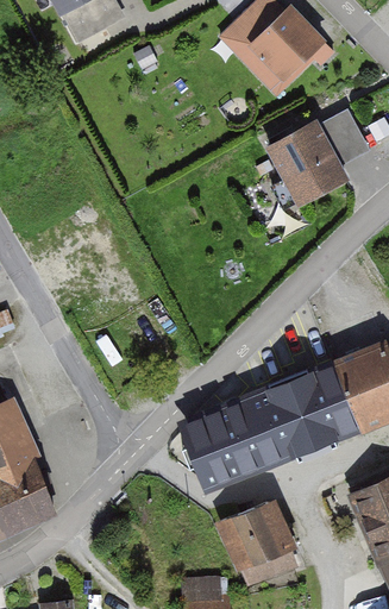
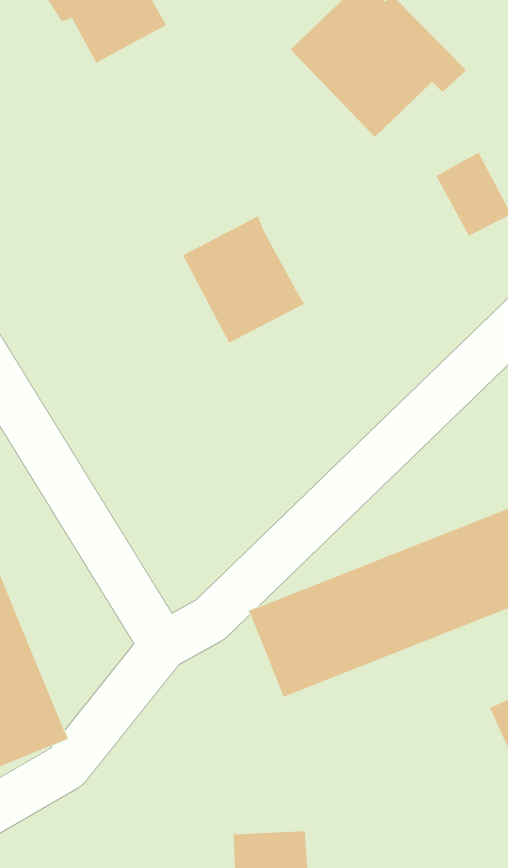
building: [259,117,344,205] -> [182,215,305,344]
building: [217,500,294,588] -> none

